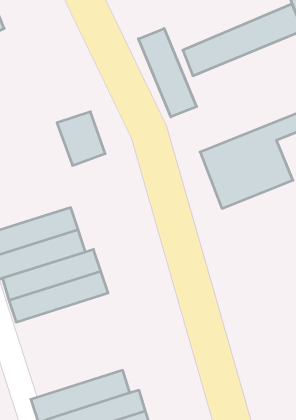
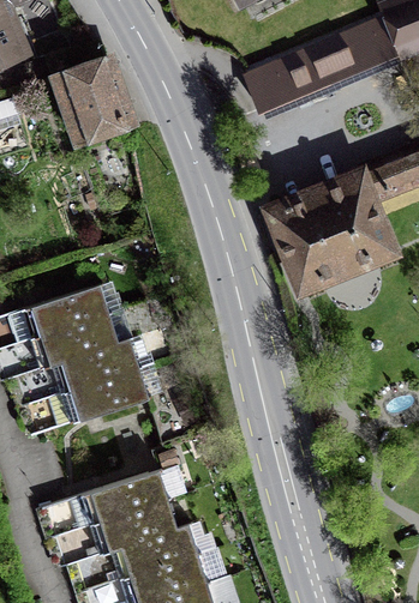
building: [138,28,197,117] -> none
building: [57,112,105,165] -> [65,65,128,135]
building: none -> [40,471,169,538]

